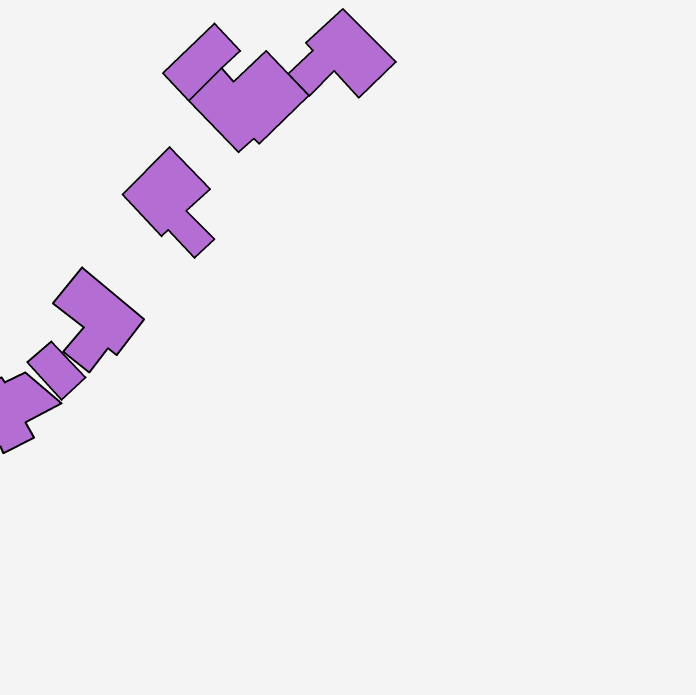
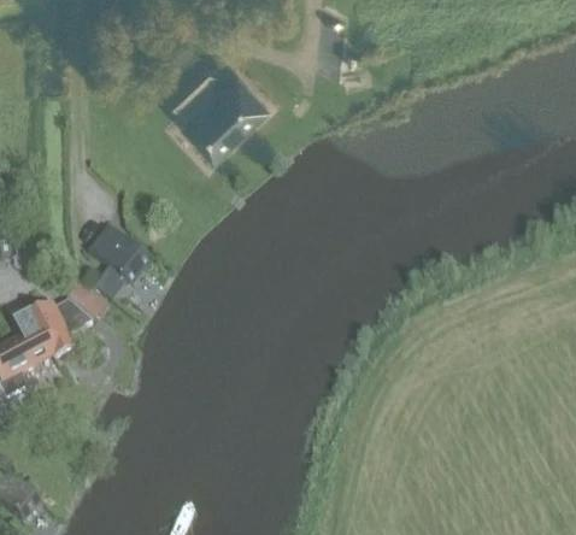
building: [288,9,396,98] -> none
building: [123,147,214,258] -> none

